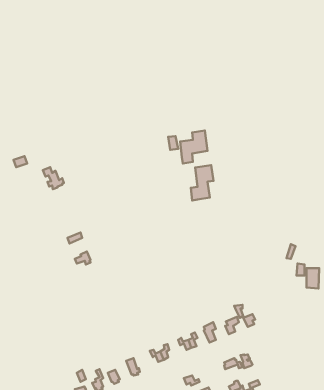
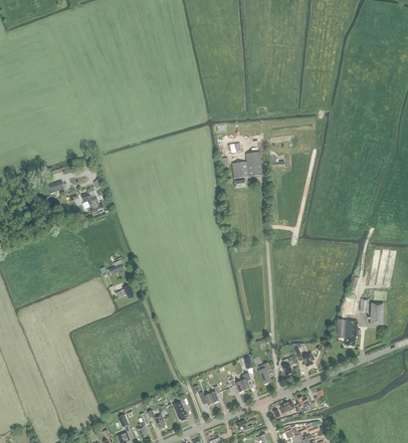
building: [191,165,213,200] -> none
building: none -> [337,319,361,346]

